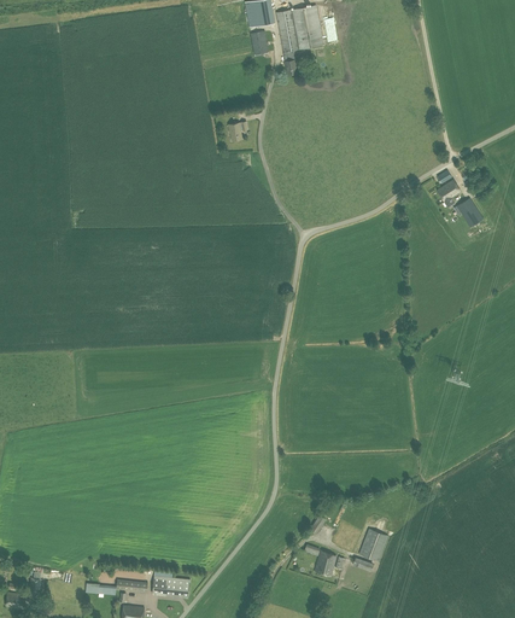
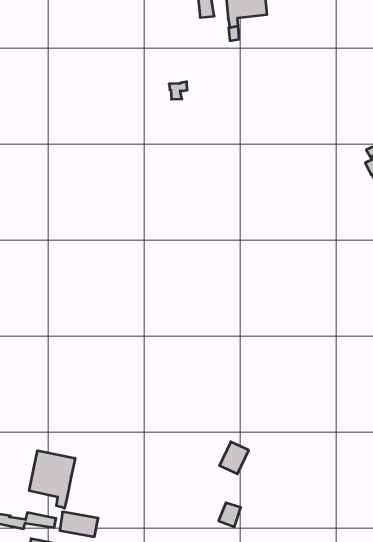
building: none -> [29,451,75,508]
building: [358,527,387,560] -> [219,442,249,474]

